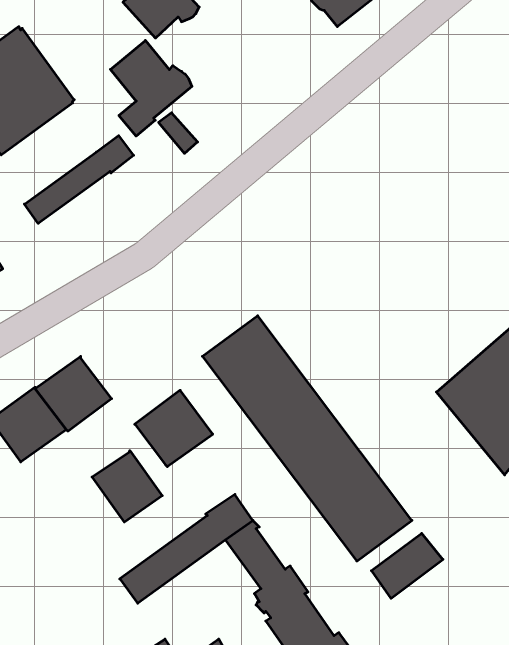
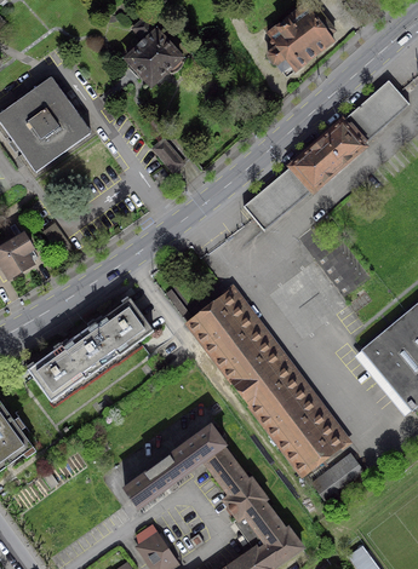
building: none -> [244,80,410,230]
building: [110,40,192,136] -> none
building: [24,136,134,223] -> none
building: [135,390,213,467] -> [96,298,154,355]
building: [92,451,162,522] -> none

